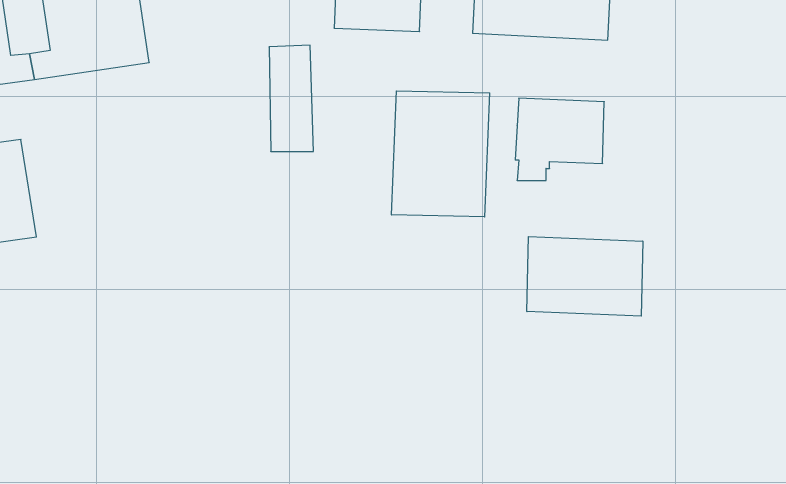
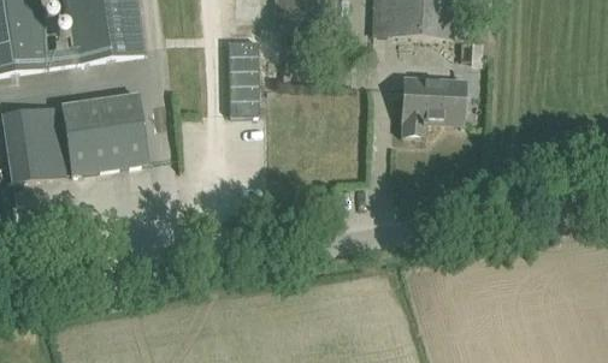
building: [392,91,490,217] -> none
building: none -> [60,94,148,173]
building: [527,237,643,316] -> none

